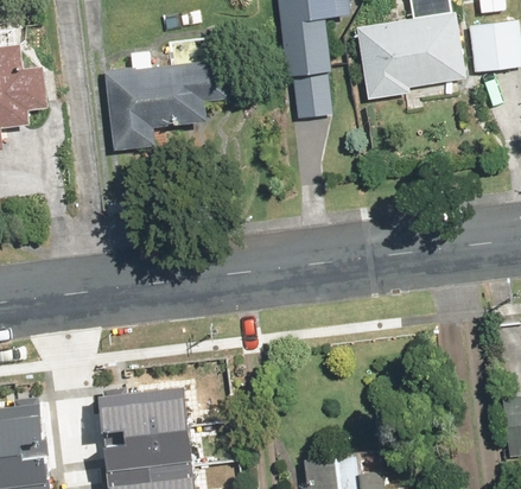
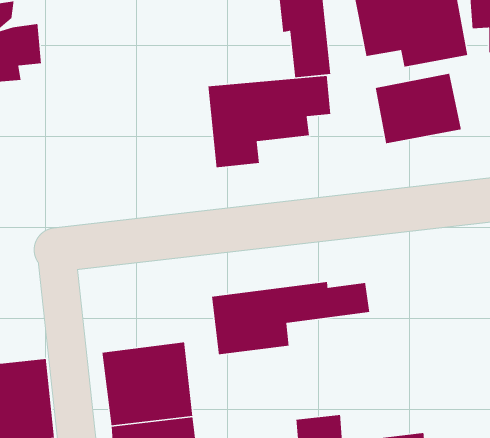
building: [103,59,227,152] -> [207,75,331,168]
building: none -> [375,73,462,144]
building: none -> [211,281,370,355]

